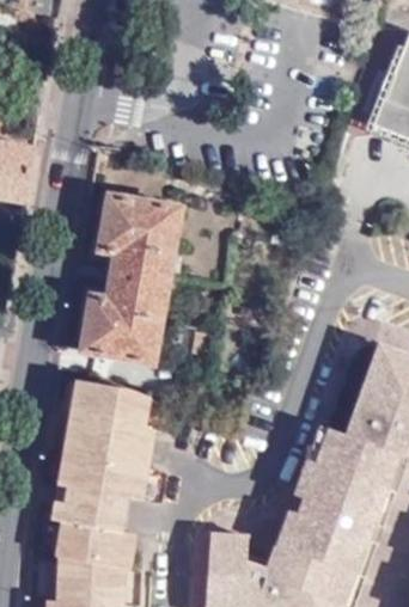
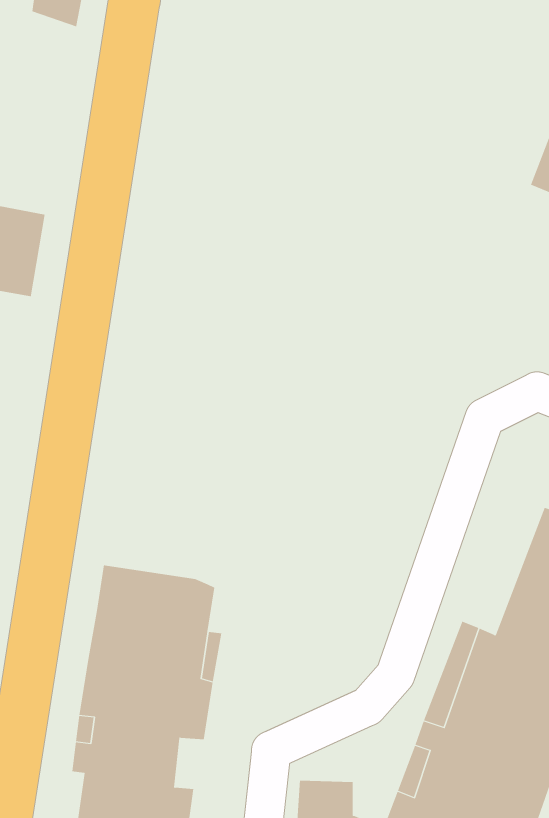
building: [81,198,179,366] -> none

